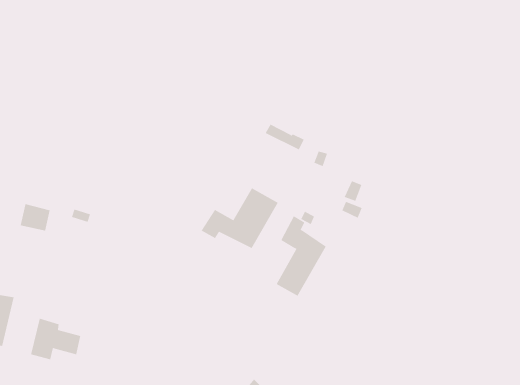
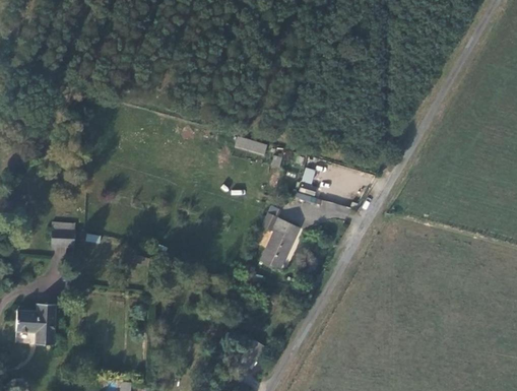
building: [201,187,278,249] -> none
building: [30,318,81,360] -> none

